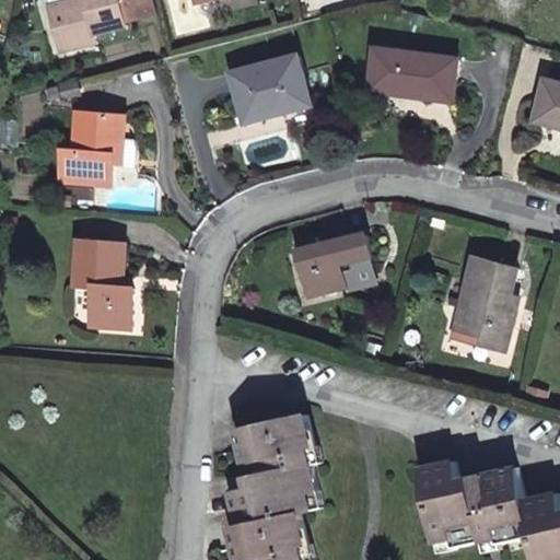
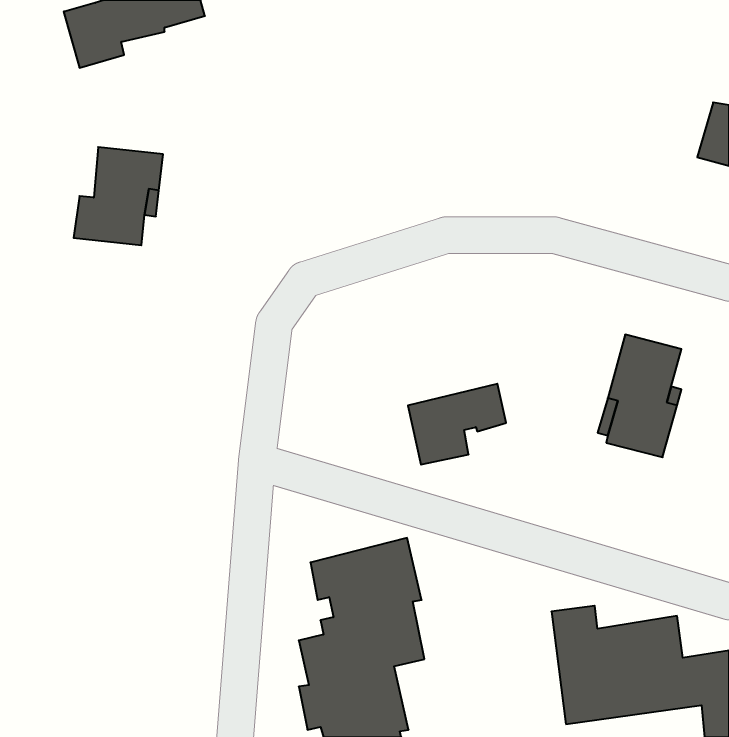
building: [365,49,451,103] -> none
building: [225,59,305,125] -> none
building: [298,229,372,290] -> [408,384,506,465]
building: [73,238,132,327] -> none

